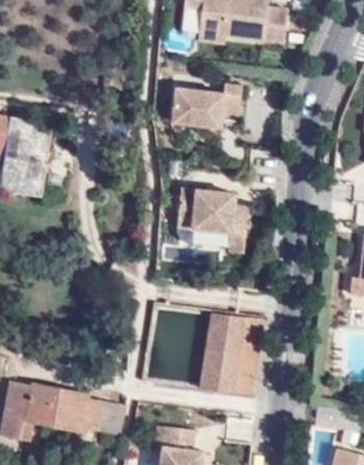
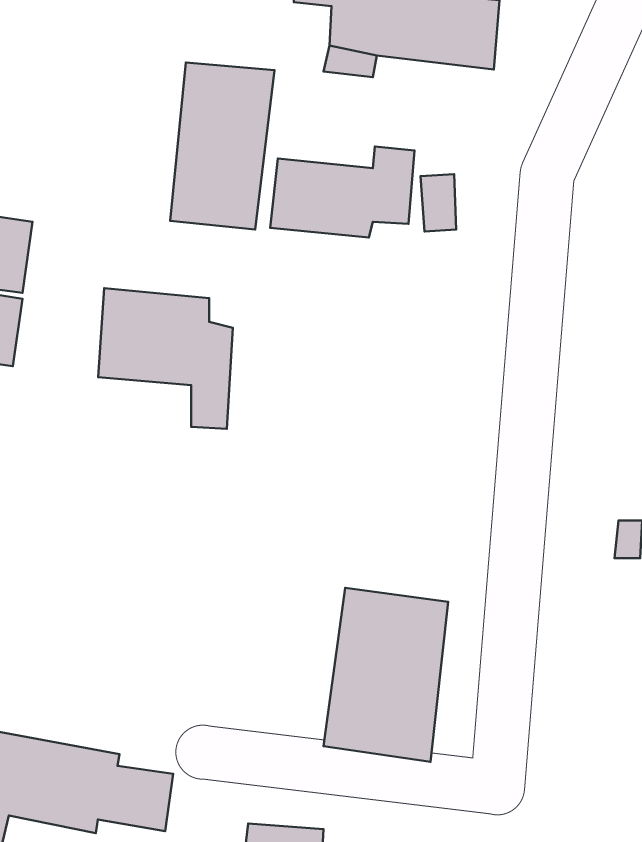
building: none -> [170,62,275,230]
building: [178,186,248,259] -> [98,288,233,429]

